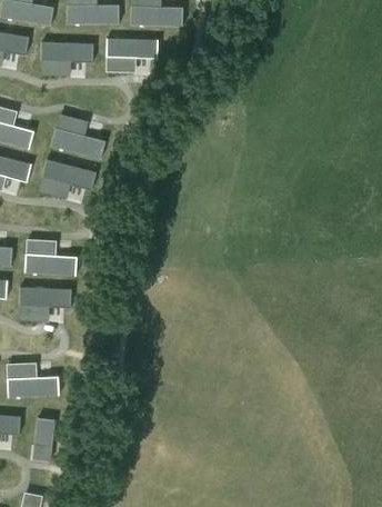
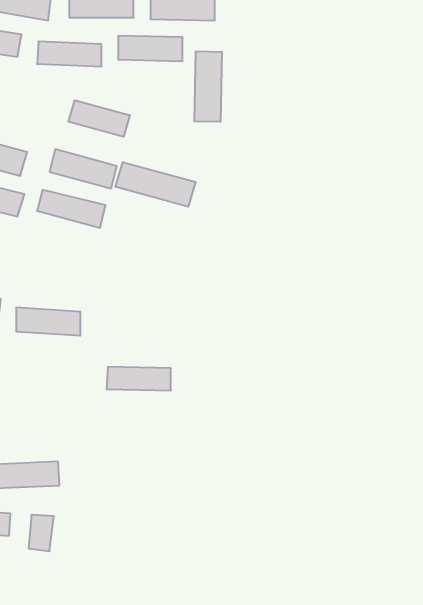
building: none -> [194,51,222,122]
building: none -> [69,100,130,137]
building: none -> [115,162,196,207]
building: [19,288,70,307] -> [107,367,171,391]

